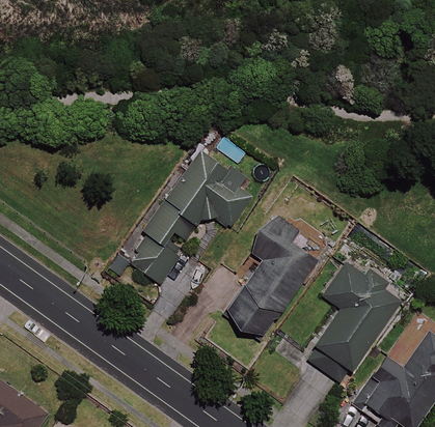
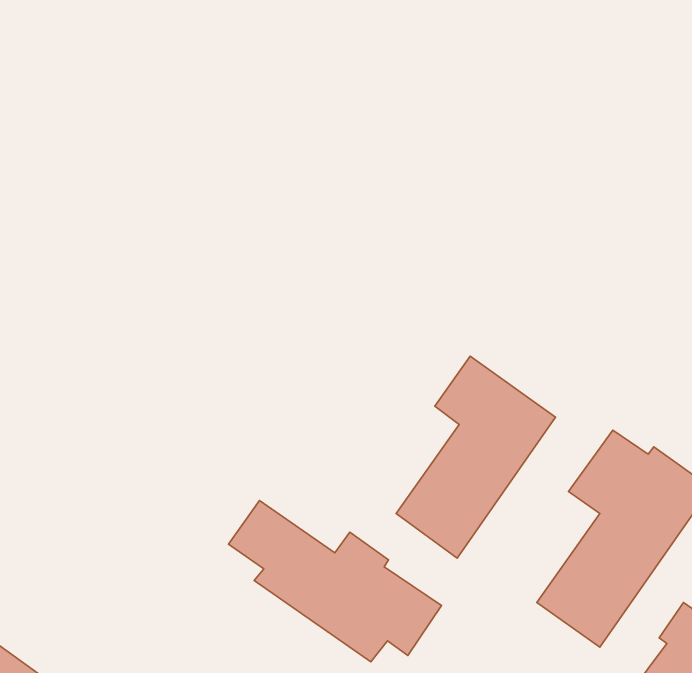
building: [130,152,256,281] -> none
building: none -> [229,501,442,662]

